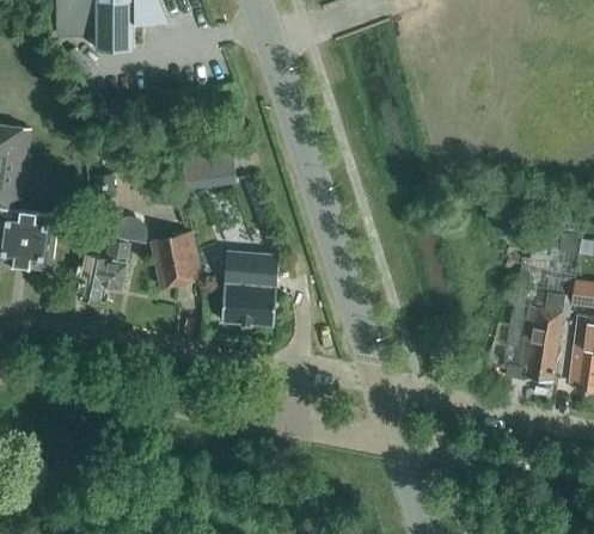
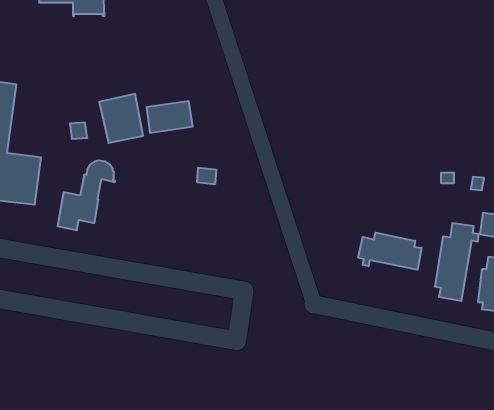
building: [149,232,201,289] -> [99,94,143,143]
building: [220,251,278,326] -> none
building: none -> [358,233,422,270]

